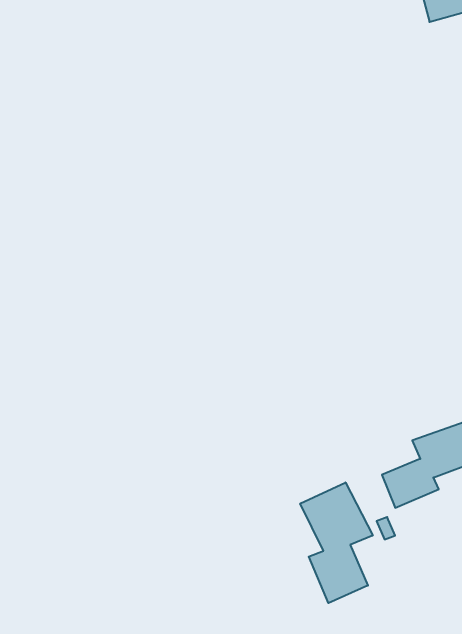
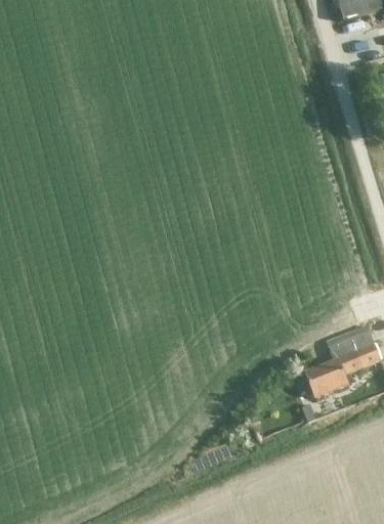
building: [300,482,373,603] -> none

